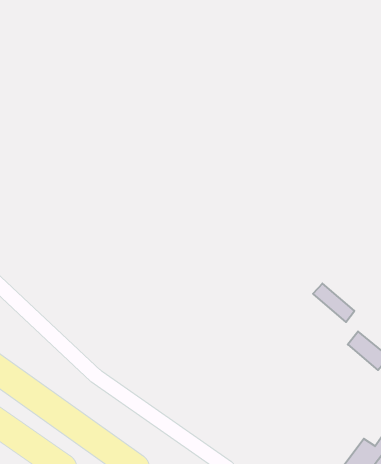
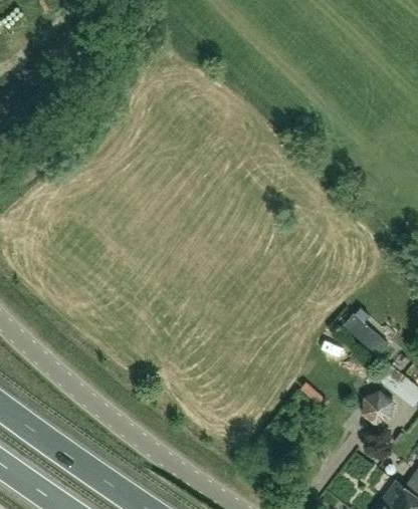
building: none -> [363,390,394,423]

